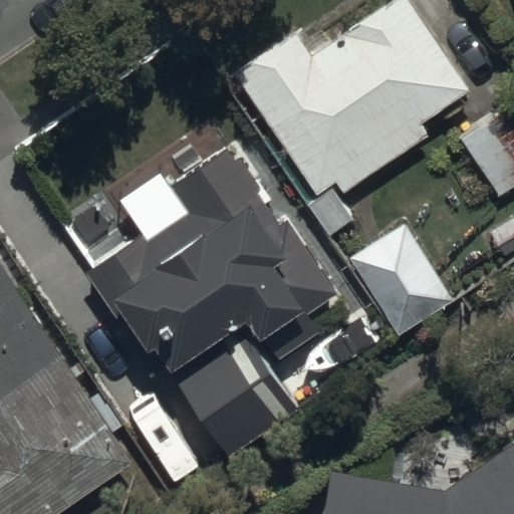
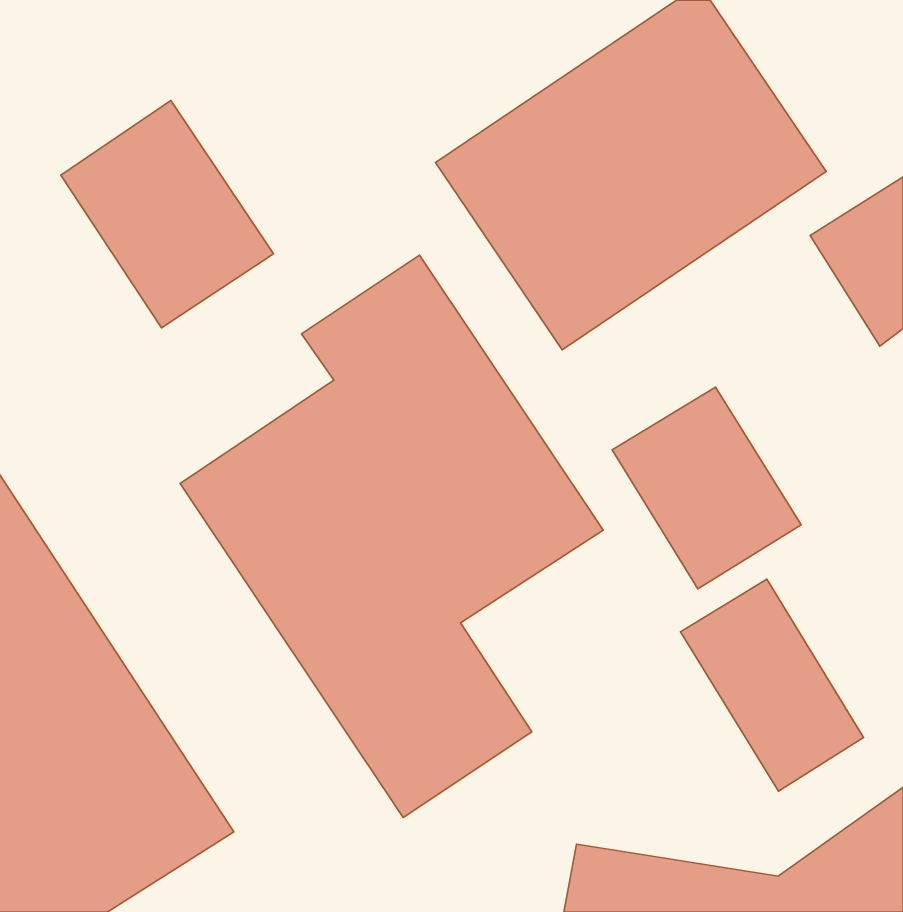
building: none -> [61,100,273,328]
building: none -> [680,579,863,791]

